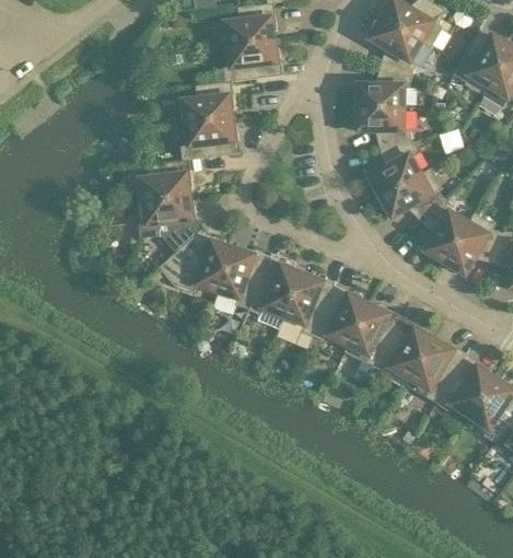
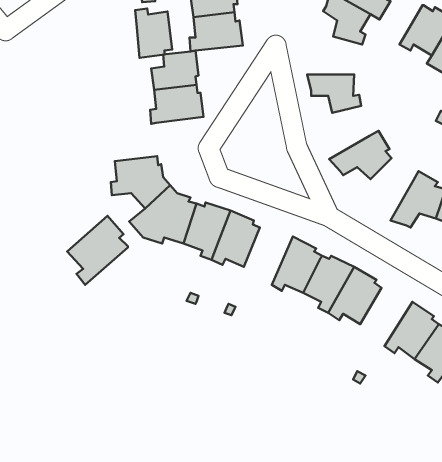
building: none -> [135,8,172,58]
building: [352,67,412,108] -> none
building: [369,142,420,200] -> none
building: [140,161,193,202] -> none
building: [421,199,468,267] -> none
building: none -> [67,216,128,285]
building: [283,275,337,337] -> none
building: [410,340,467,404] -> none

